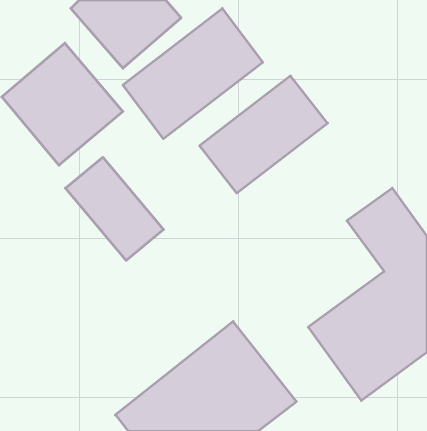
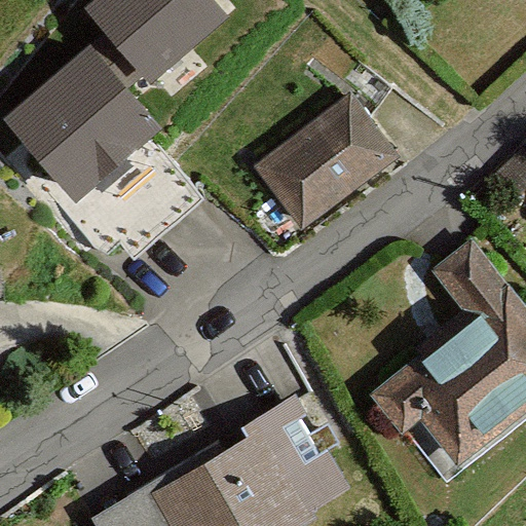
building: [123,8,263,139] -> none
building: [65,157,164,260] -> none

